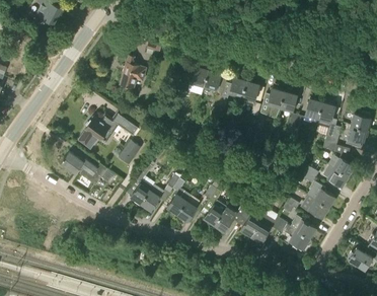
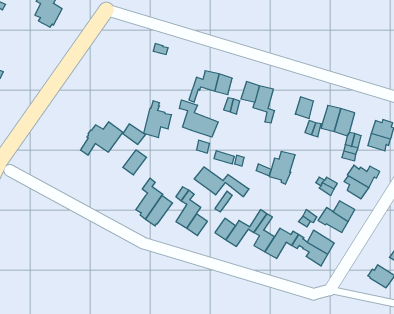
building: [120,55,146,89] -> [143,101,172,138]
building: [260,88,285,119] -> [269,152,295,184]
building: none -> [179,100,218,137]
building: [61,152,106,184] -> none
building: none -> [194,167,249,197]

